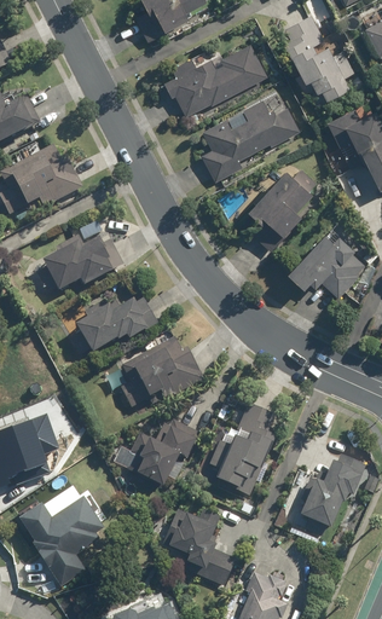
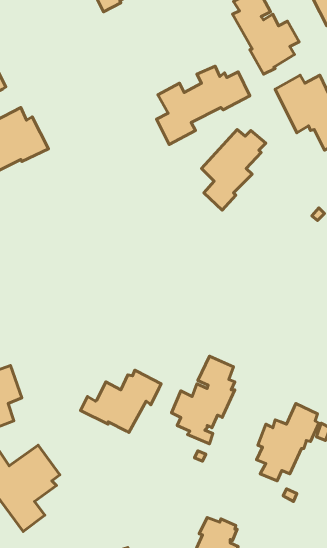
building: [162,44,266,116] -> none
building: [286,232,364,297] -> none
building: [42,235,127,291] -> none
building: [69,297,156,355] -> none
building: [125,336,207,406] -> none
building: [169,509,243,585] -> none

